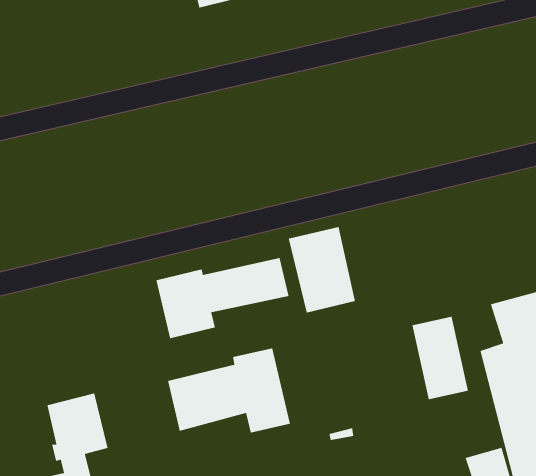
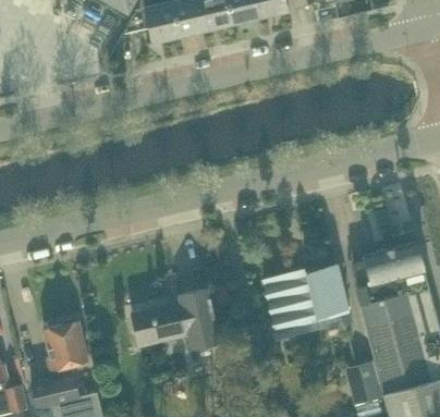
building: [288,226,356,314] -> [270,272,319,335]
building: [156,257,289,339] -> none

